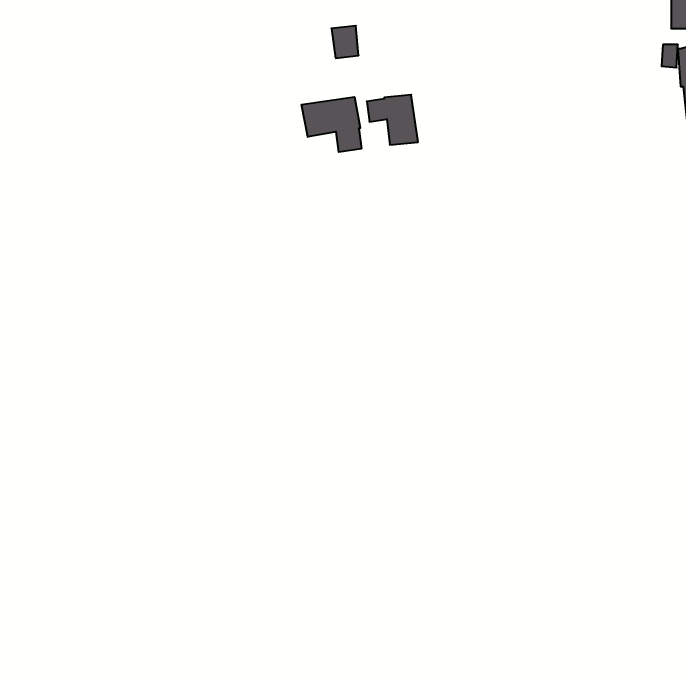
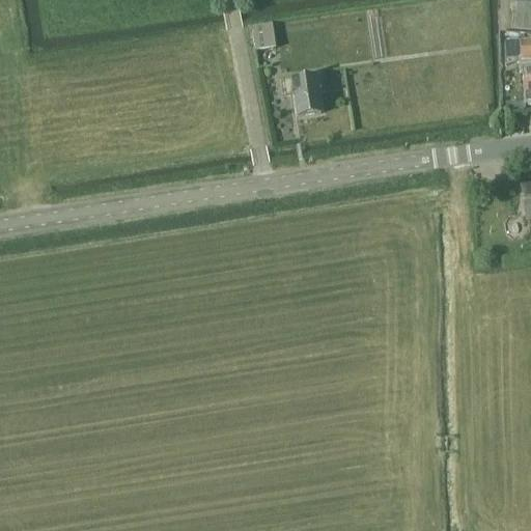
building: [302,97,361,152] -> none

